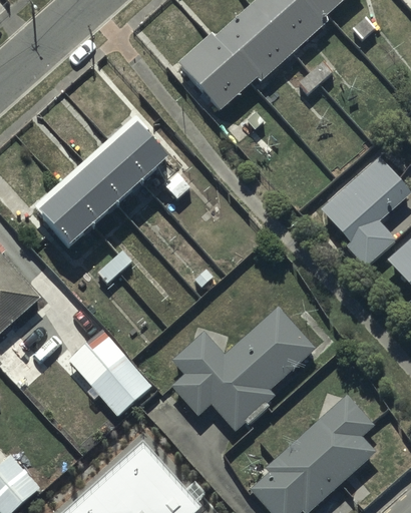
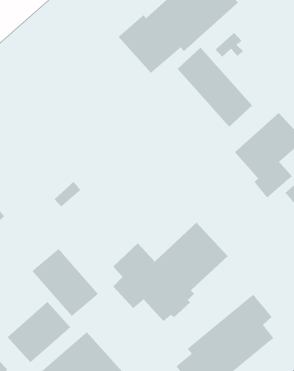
building: none -> [177,47,253,127]
building: [35,108,174,244] -> none
building: none -> [7,301,71,363]

